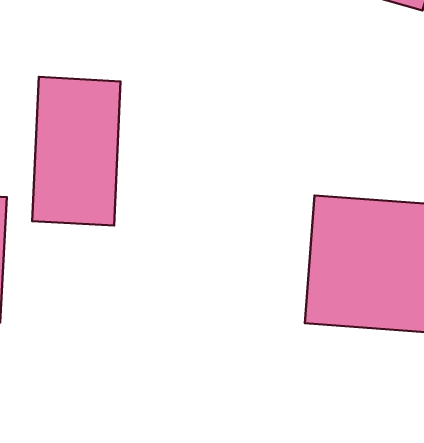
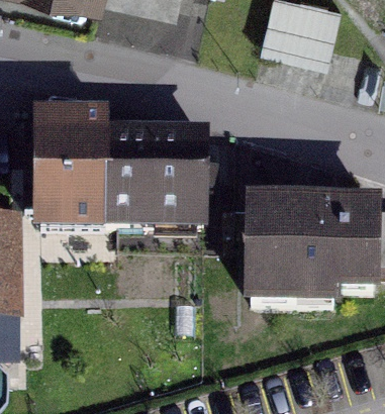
building: none -> [100,133,190,227]

